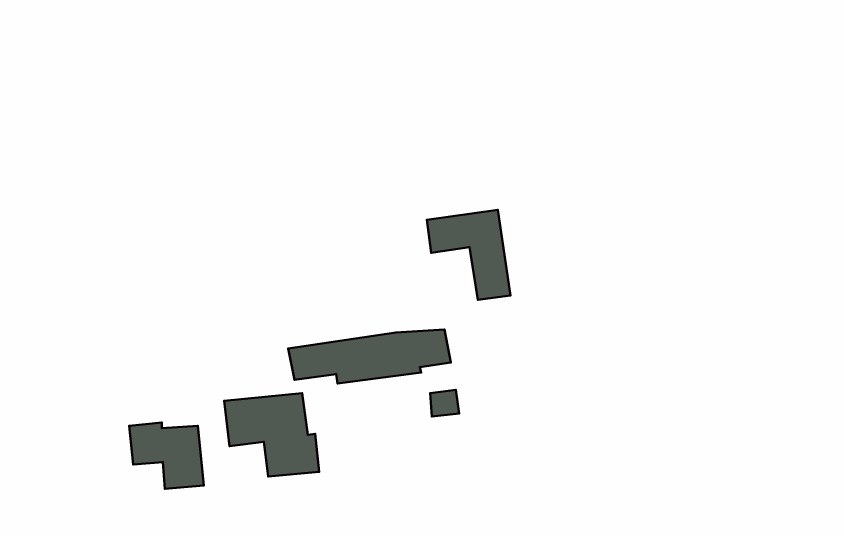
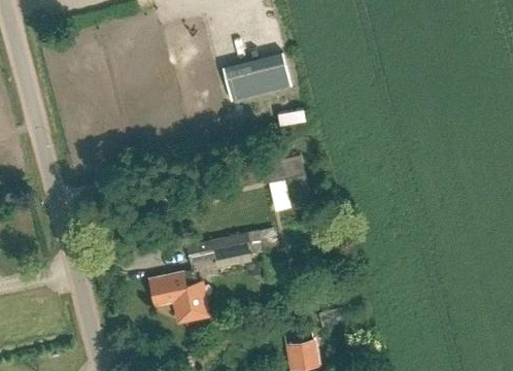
building: none -> [221,53,289,101]
building: [129,423,204,489] -> none

